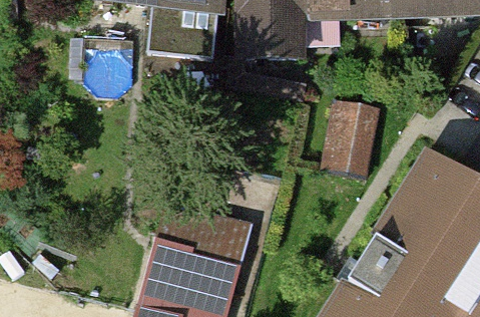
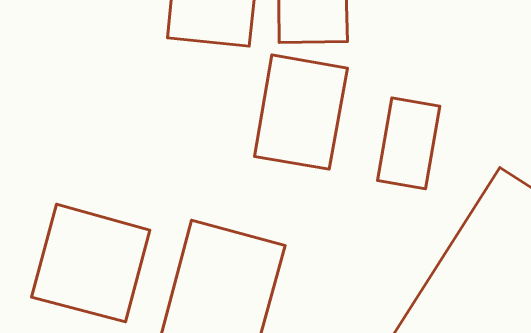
building: none -> [255,55,347,169]
building: none -> [31,204,150,322]

